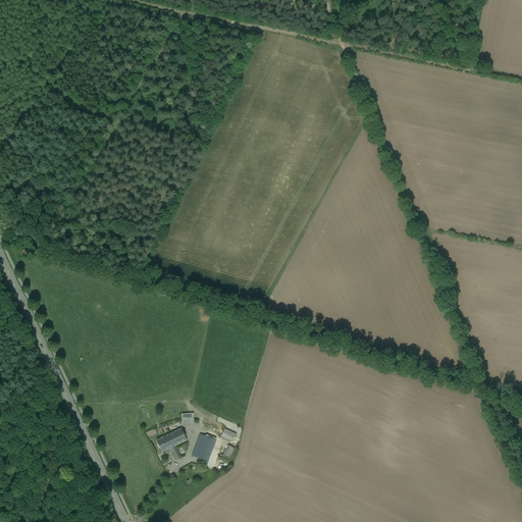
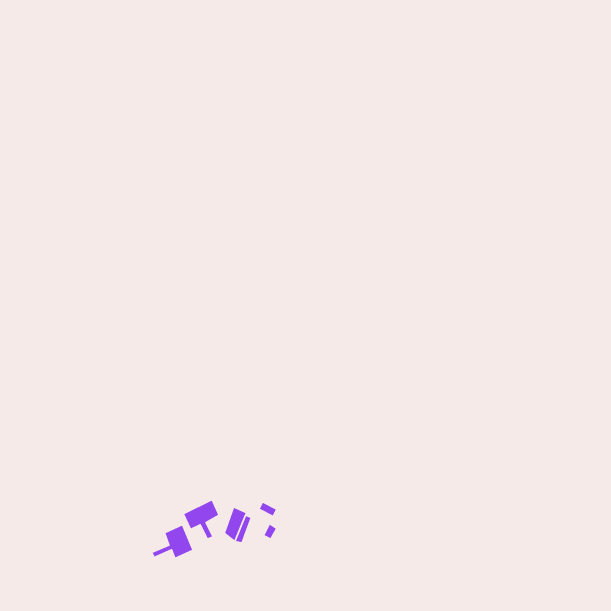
building: none -> [152,524,193,559]

